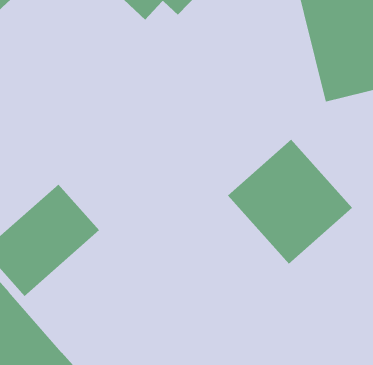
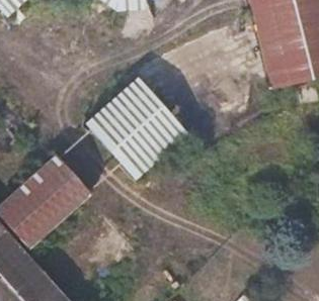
building: [227,139,353,265] -> [86,77,187,178]

